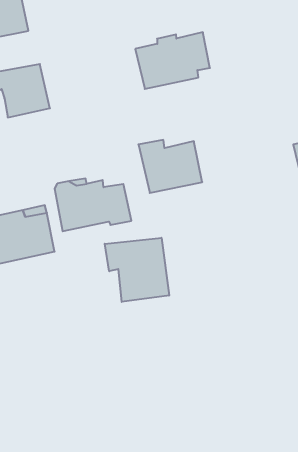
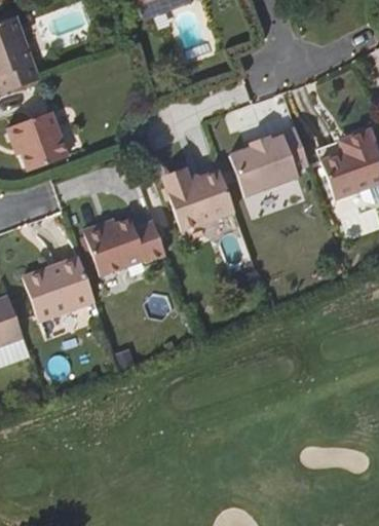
building: [135,32,210,89] -> [230,128,308,194]
building: [105,238,169,302] -> none

